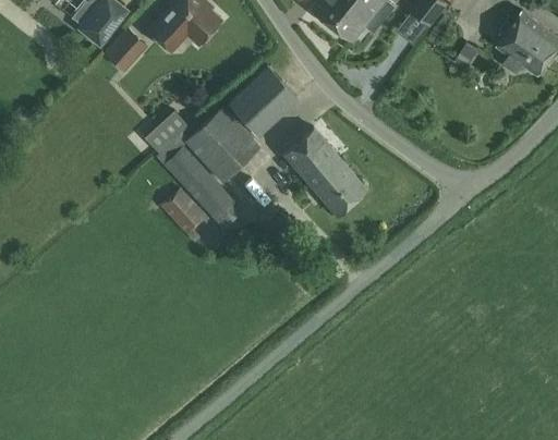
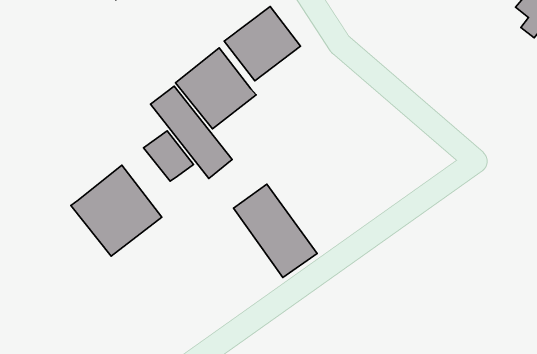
building: [144,111,189,154] -> none
building: [284,130,366,216] -> [233,184,317,277]
building: none -> [71,165,162,256]

